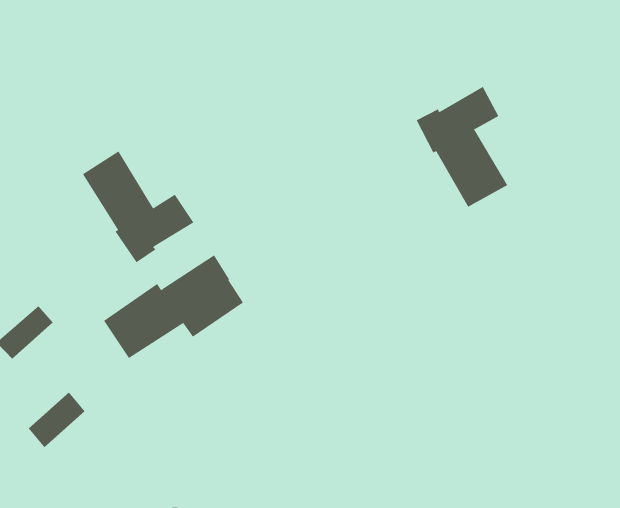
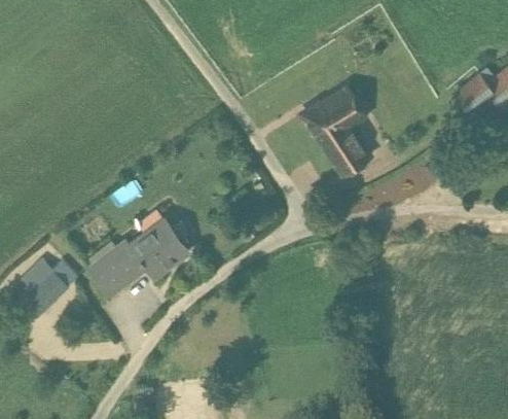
building: [82,150,194,263] -> none
building: [28,391,85,448] -> [26,272,66,313]

